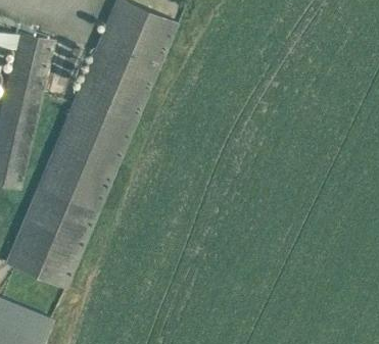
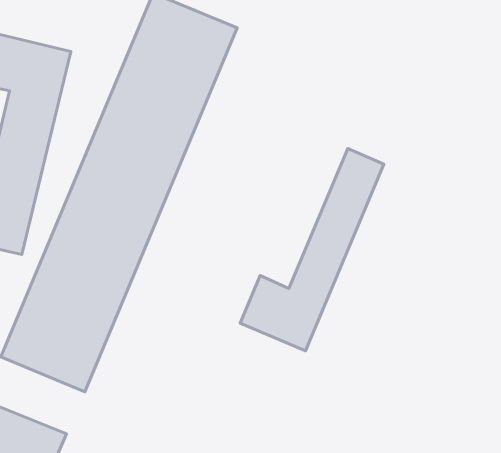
building: none -> [240,148,384,351]

